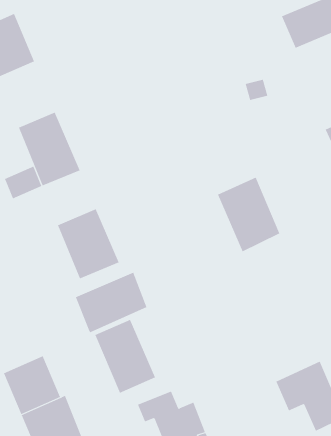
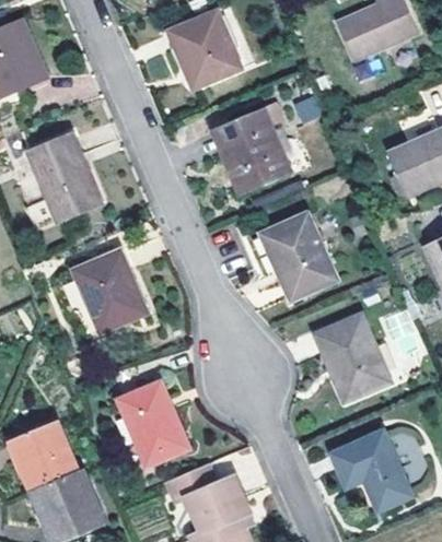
building: none -> [167,10,239,86]
building: none -> [210,106,291,195]
building: none -> [315,314,386,398]
building: [75,272,147,333] -> none

